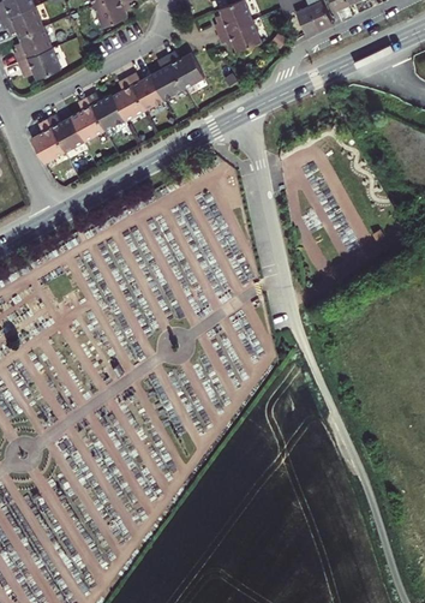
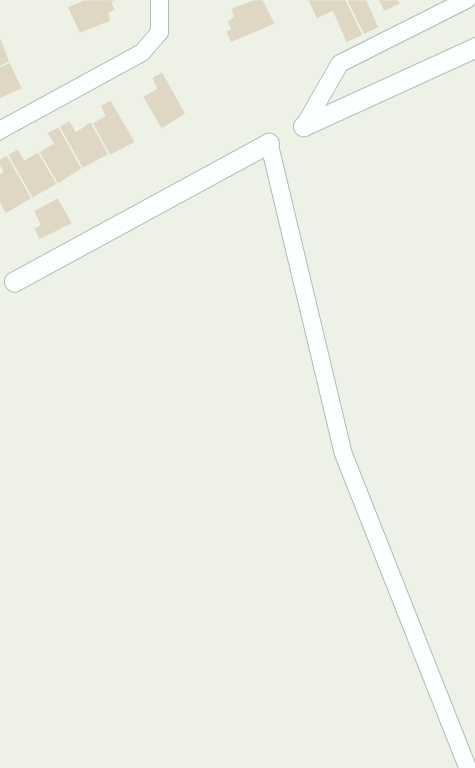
building: [219,19,262,50] -> none
building: [167,50,206,88] -> none
building: [127,72,166,109] -> none
building: none -> [33,197,73,240]

